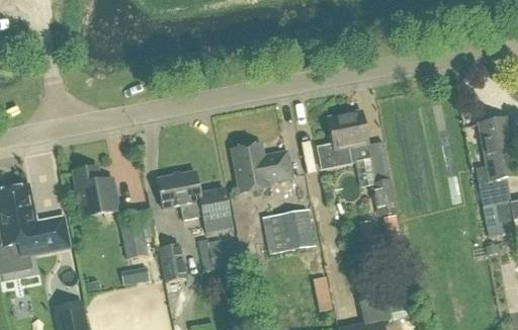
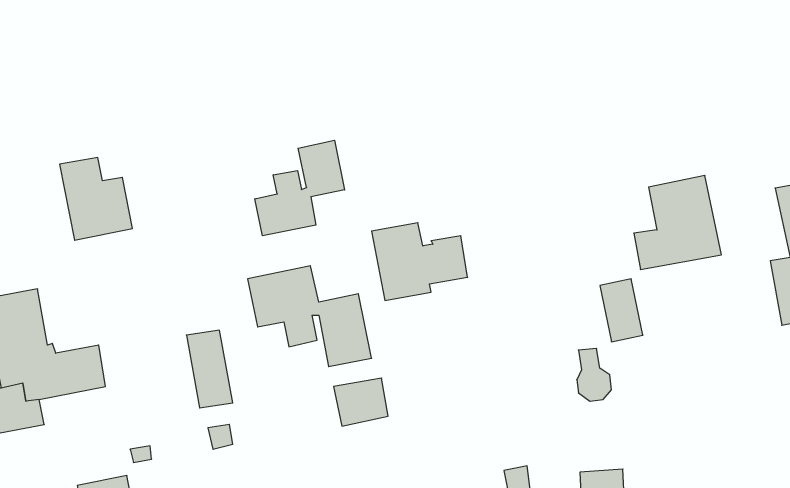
building: none -> [255,140,345,236]
building: [319,109,372,167] -> [634,175,721,270]
building: [74,166,118,217] -> [60,158,132,240]
building: [261,209,314,252] -> none
building: [162,242,186,279] -> none

